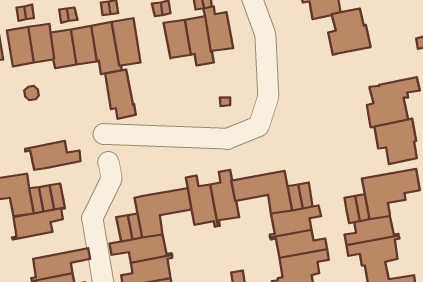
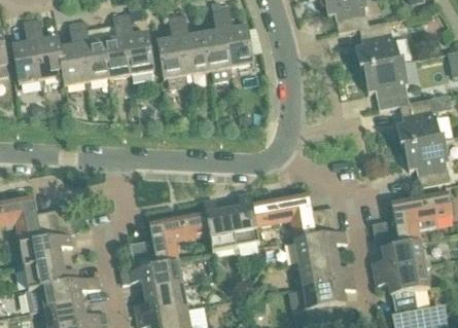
building: none -> [362,60,409,109]
building: [105,69,136,119] -> [156,36,189,88]
building: [25,141,80,170] -> [19,258,77,289]

